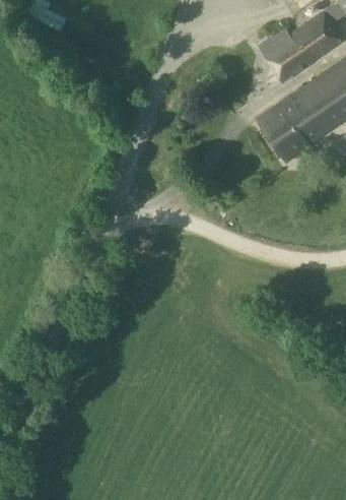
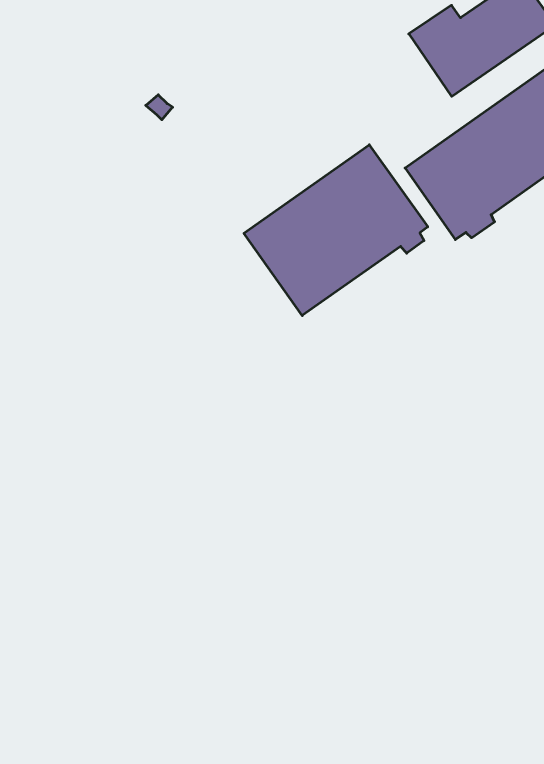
building: none -> [244,145,428,316]

